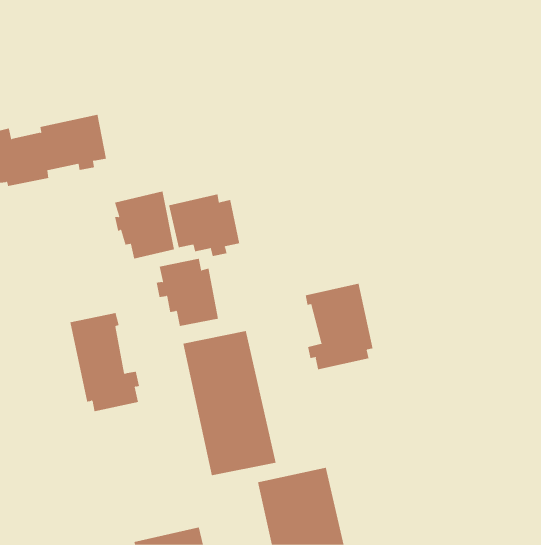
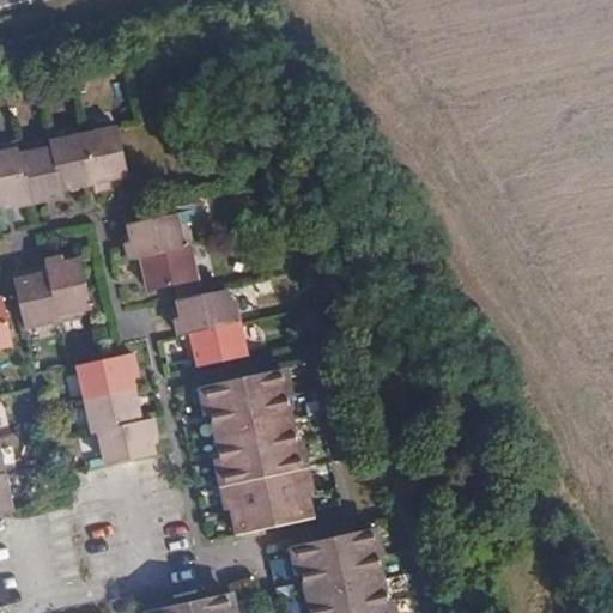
building: [169,193,240,257] -> none
building: none -> [13,251,91,323]
building: [305,283,373,370] -> none

